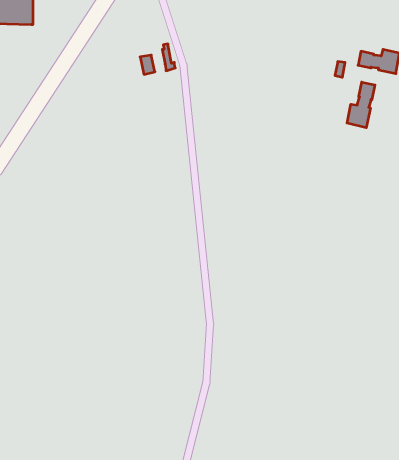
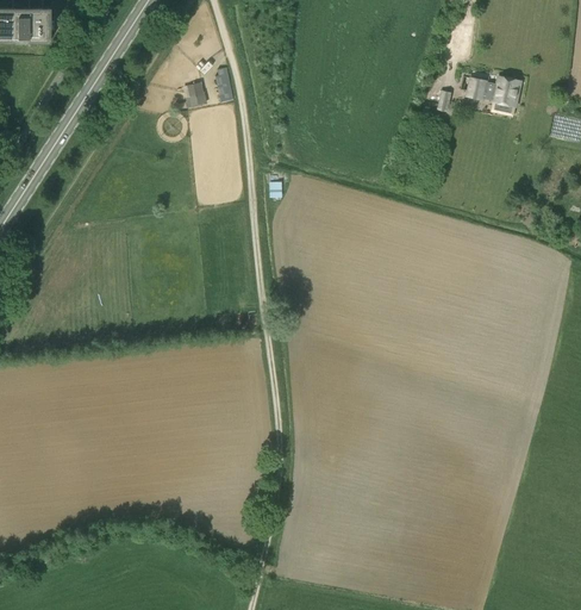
building: [347,82,375,128] -> none

